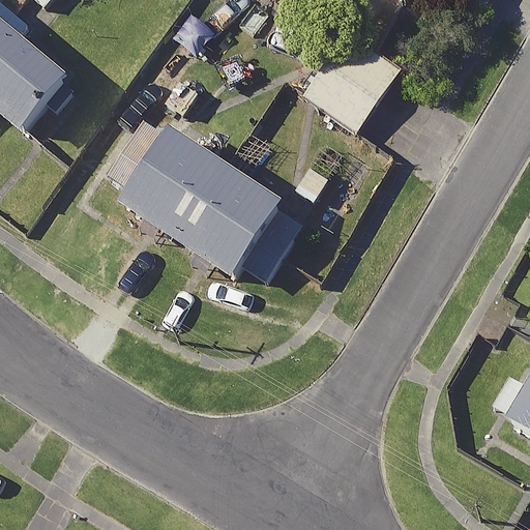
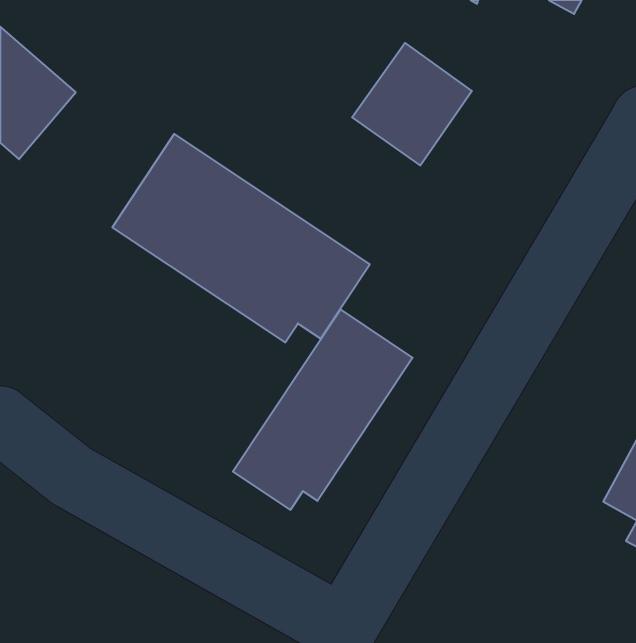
building: none -> [233,309,413,510]

